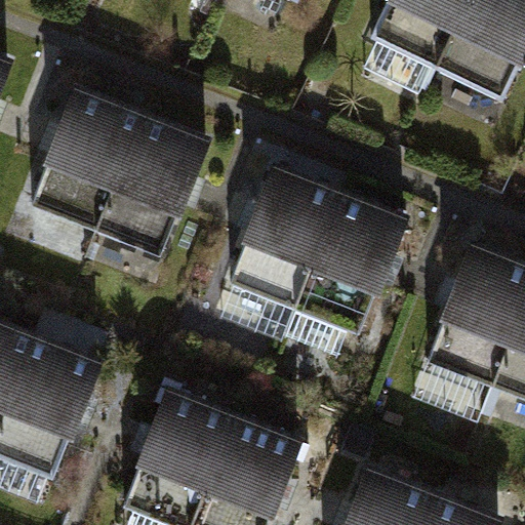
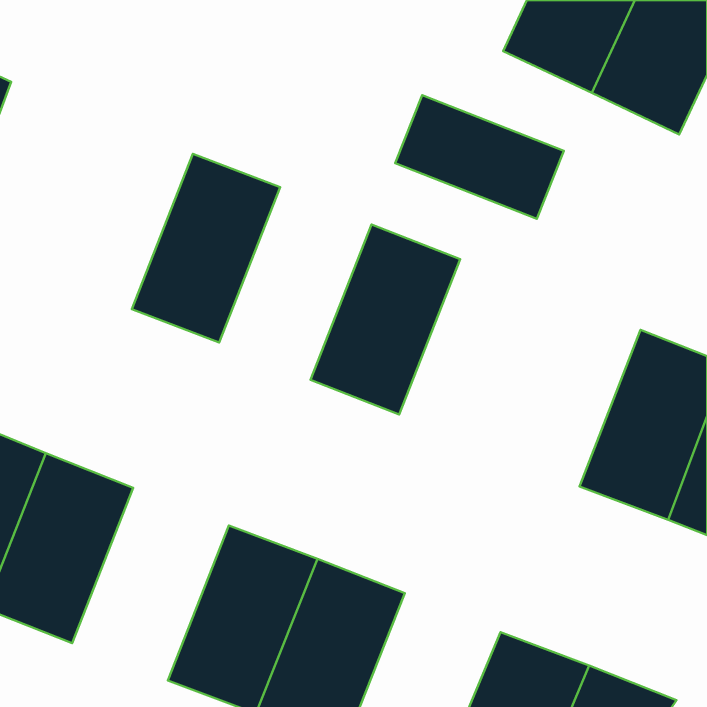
building: none -> [395,95,564,219]
building: [32,89,143,230] -> none
building: [295,193,405,332] -> none

